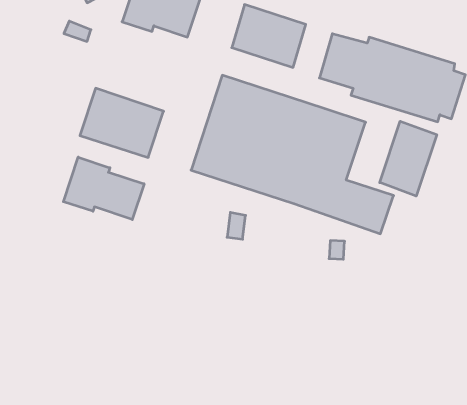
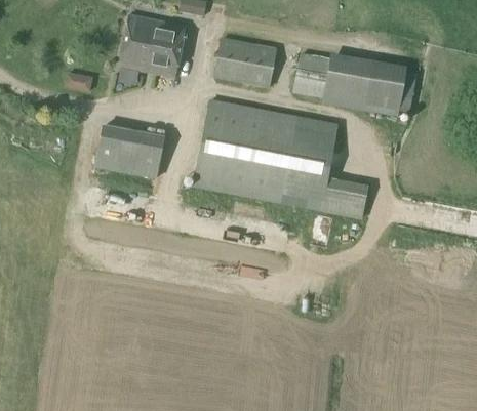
building: [380,121,437,196] -> none
building: [63,157,144,220] -> none

